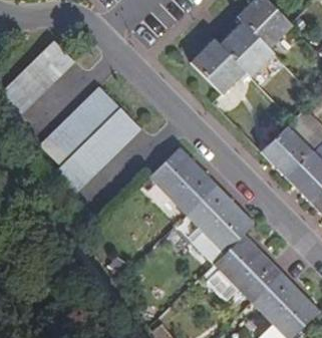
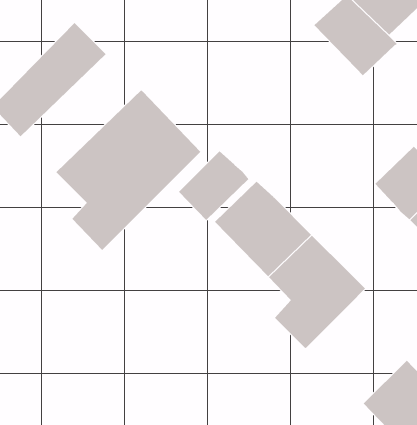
building: [190,37,248,95] -> none
building: none -> [178,150,249,221]
building: [207,234,283,303] -> none

